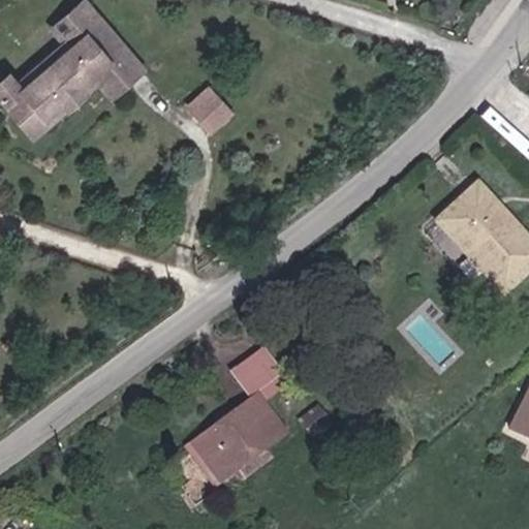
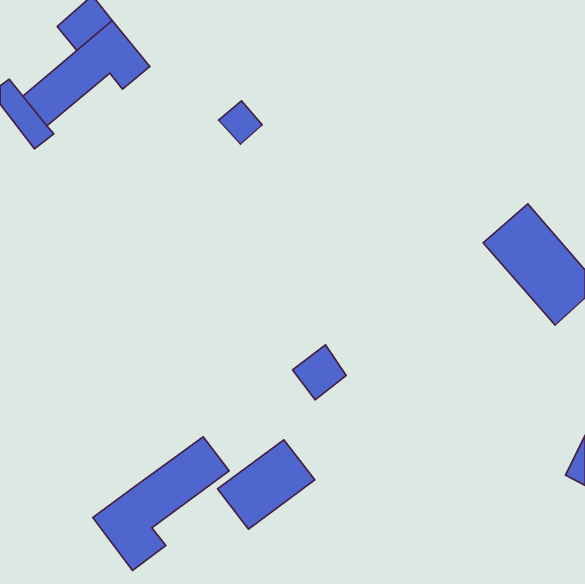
building: [42,60,143,121] -> none
building: [236,347,284,397] -> [292,345,346,400]
building: none -> [93,437,229,570]

